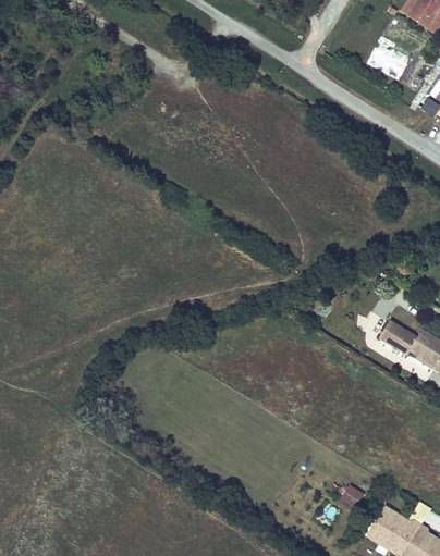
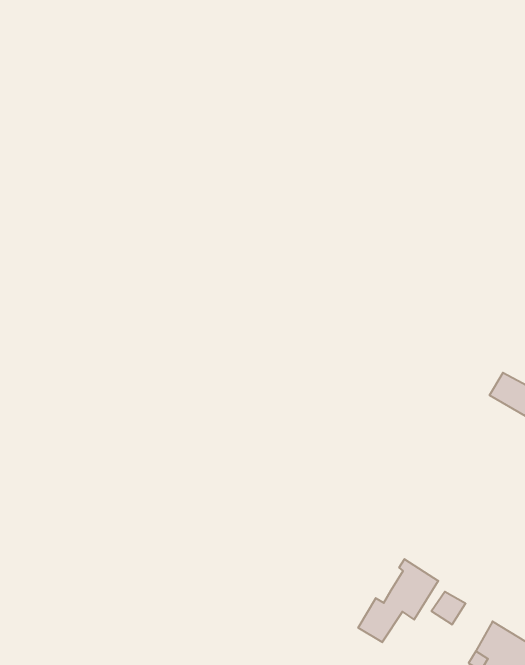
building: none -> [358,559,438,642]

